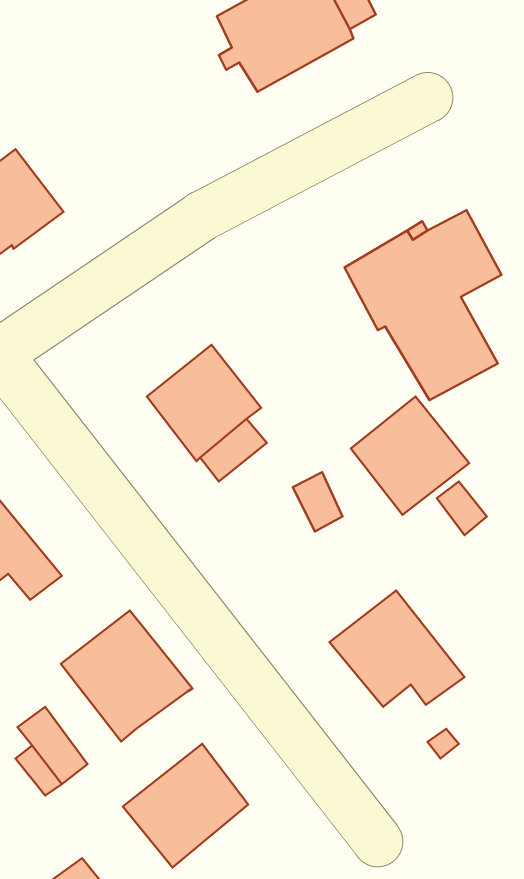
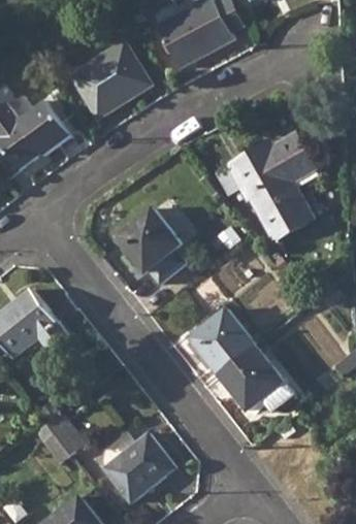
building: none -> [70,42,150,118]
building: [351,397,469,515] -> [190,309,256,375]
building: [61,610,192,741] -> none

